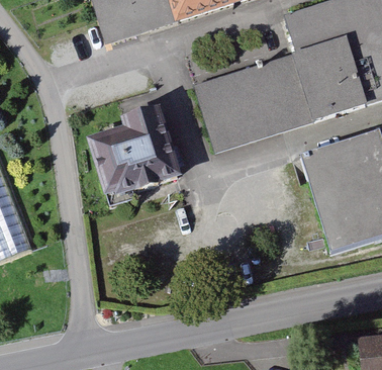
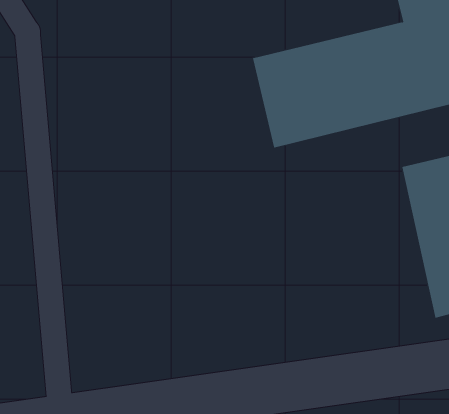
building: [95,108,183,195] -> none

